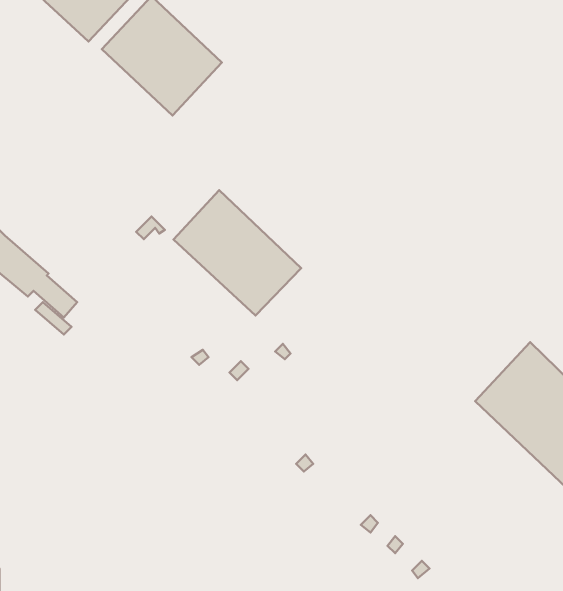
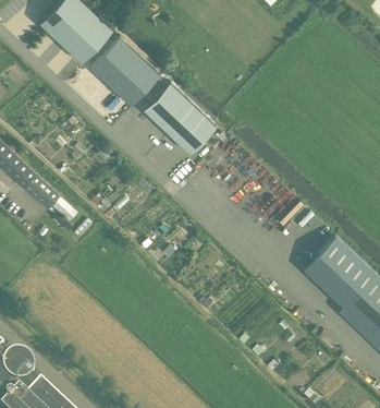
building: [174,190,301,316] -> [143,82,216,154]

